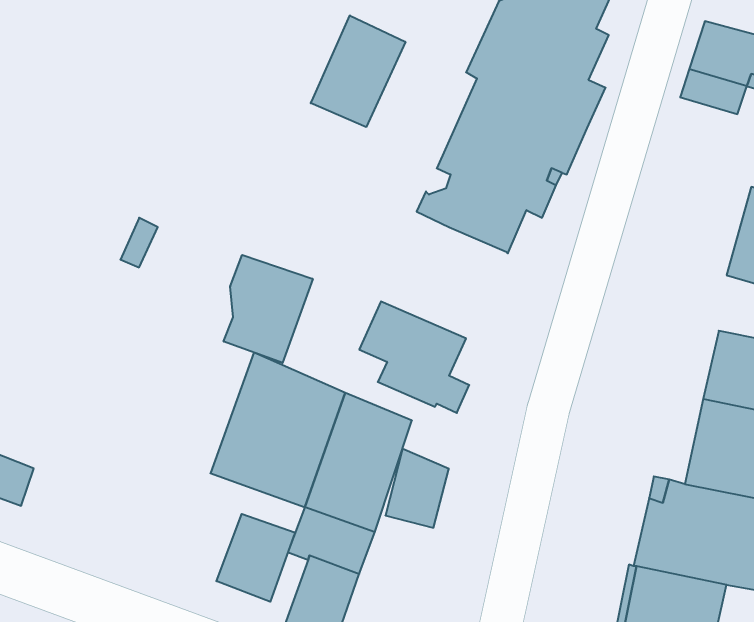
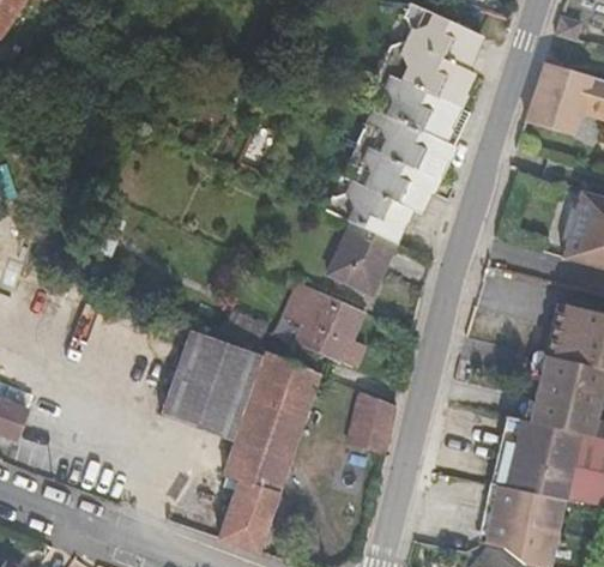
building: [311,15,405,127] -> none
building: none -> [326,223,393,295]
building: [224,255,313,363] -> none
building: [385,449,449,528] -> [349,391,398,452]
building: [216,514,295,602] -> none

